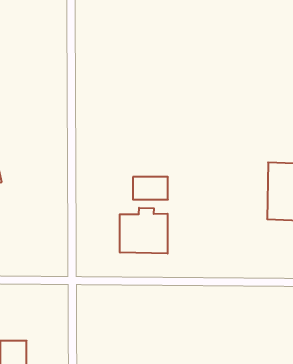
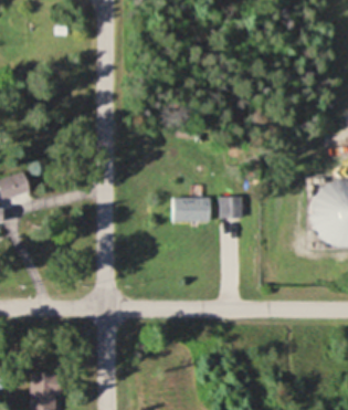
building: none -> [219,196,242,217]
building: [120,208,168,254] -> none

